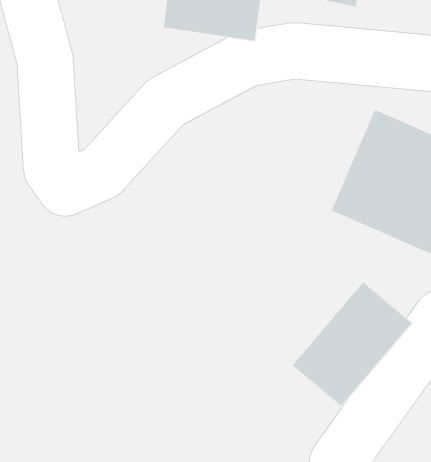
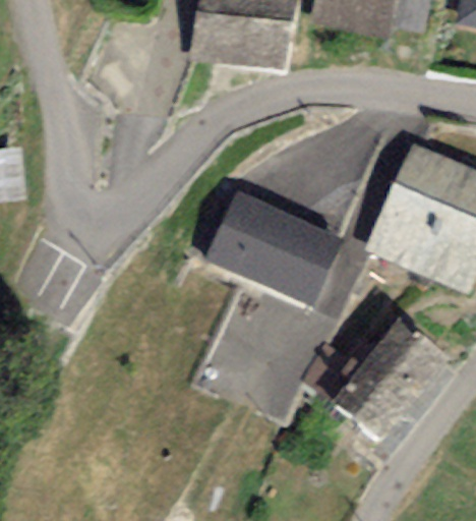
building: none -> [204,189,343,305]

